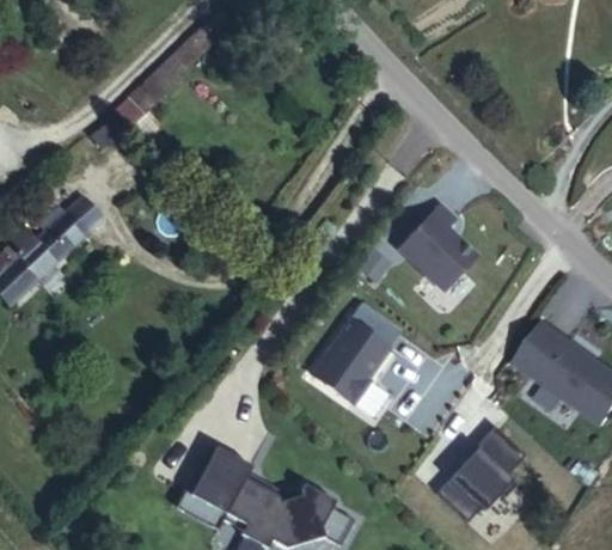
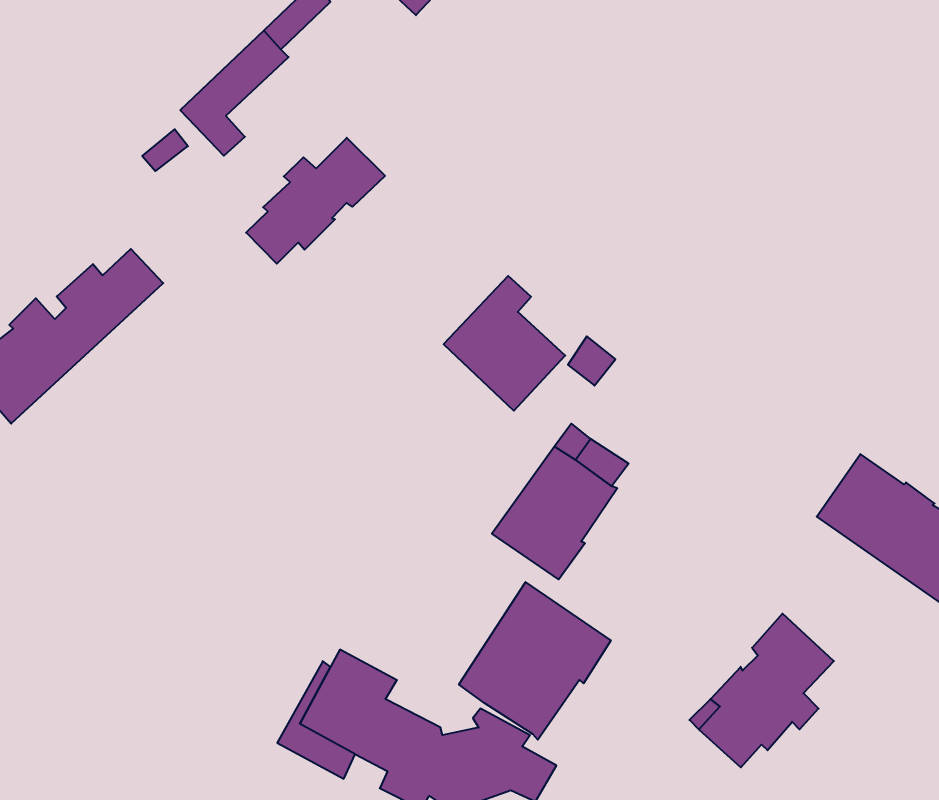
building: none -> [246,138,385,264]
building: [400,206,477,291] -> [444,276,565,411]
building: none -> [459,582,611,740]

